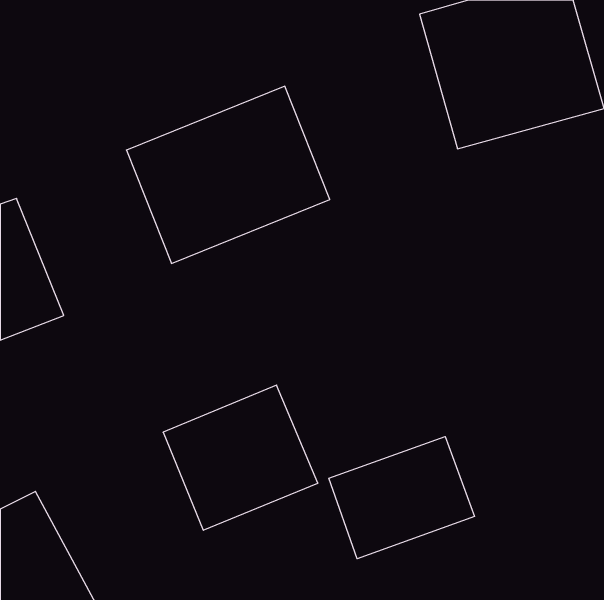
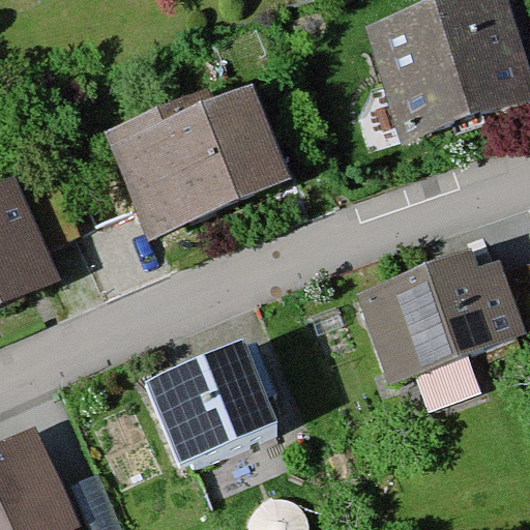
building: none -> [360,248,524,378]
building: [329,437,474,559] -> none

